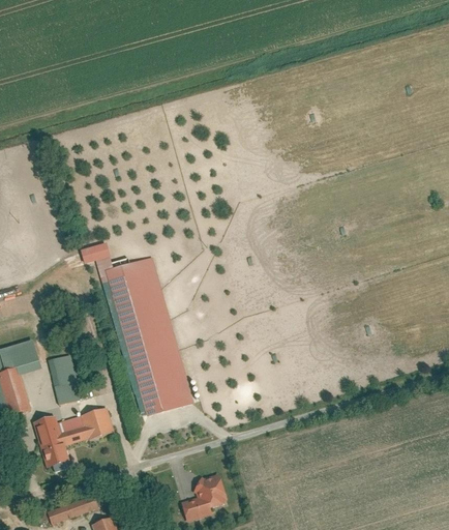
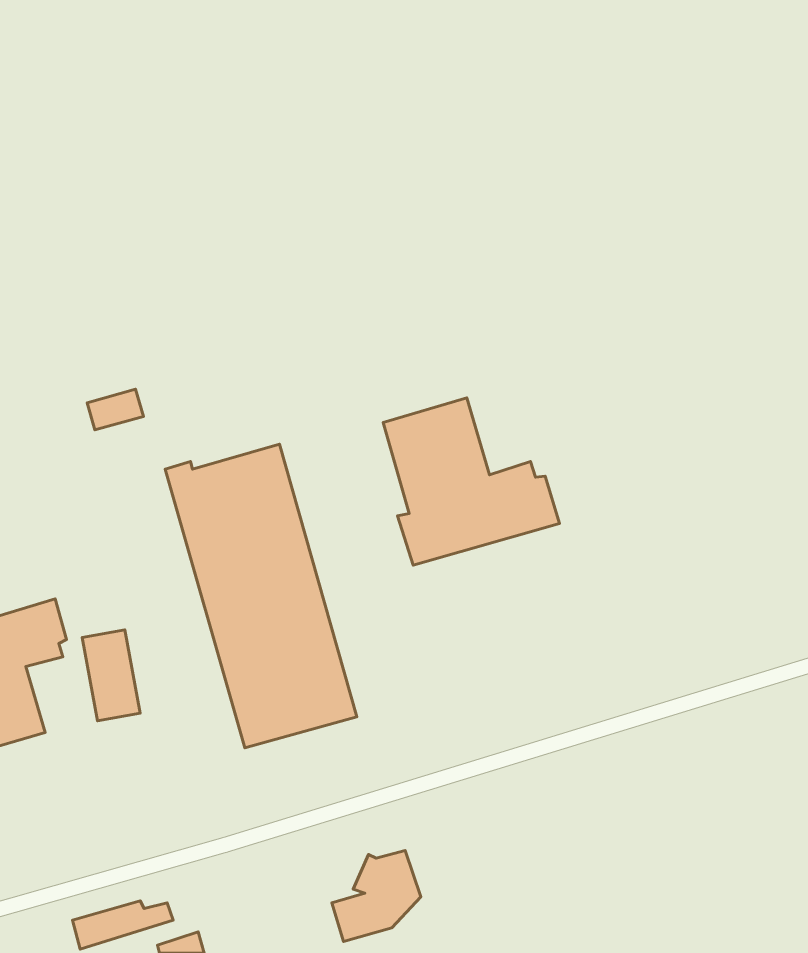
building: none -> [383,398,559,565]
building: [82,240,112,262] -> [87,389,143,430]
building: [32,408,114,468] -> none

